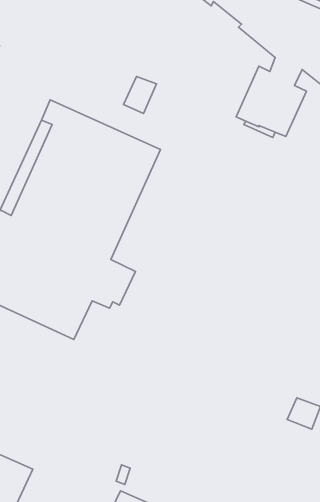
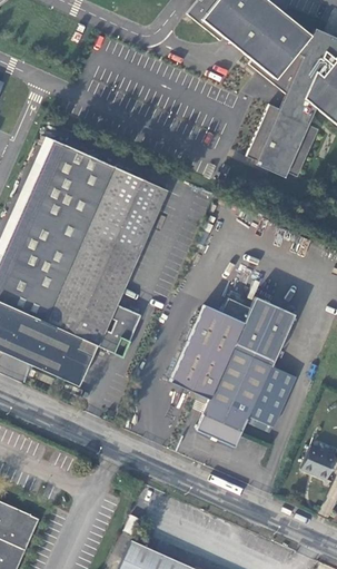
building: [123,77,157,114] -> none
building: none -> [171,294,297,444]

